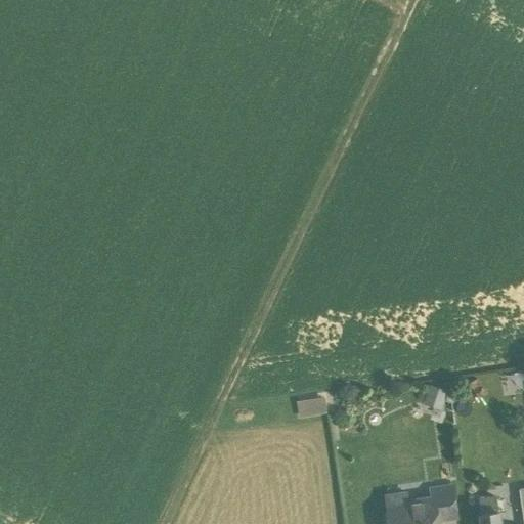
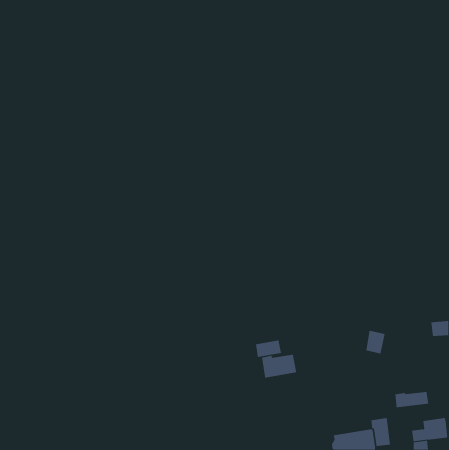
building: none -> [262,354,297,379]
building: none -> [395,391,429,408]

